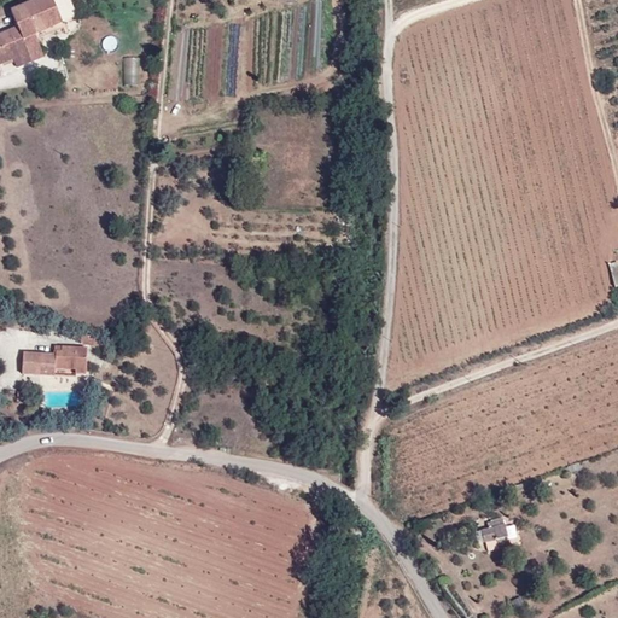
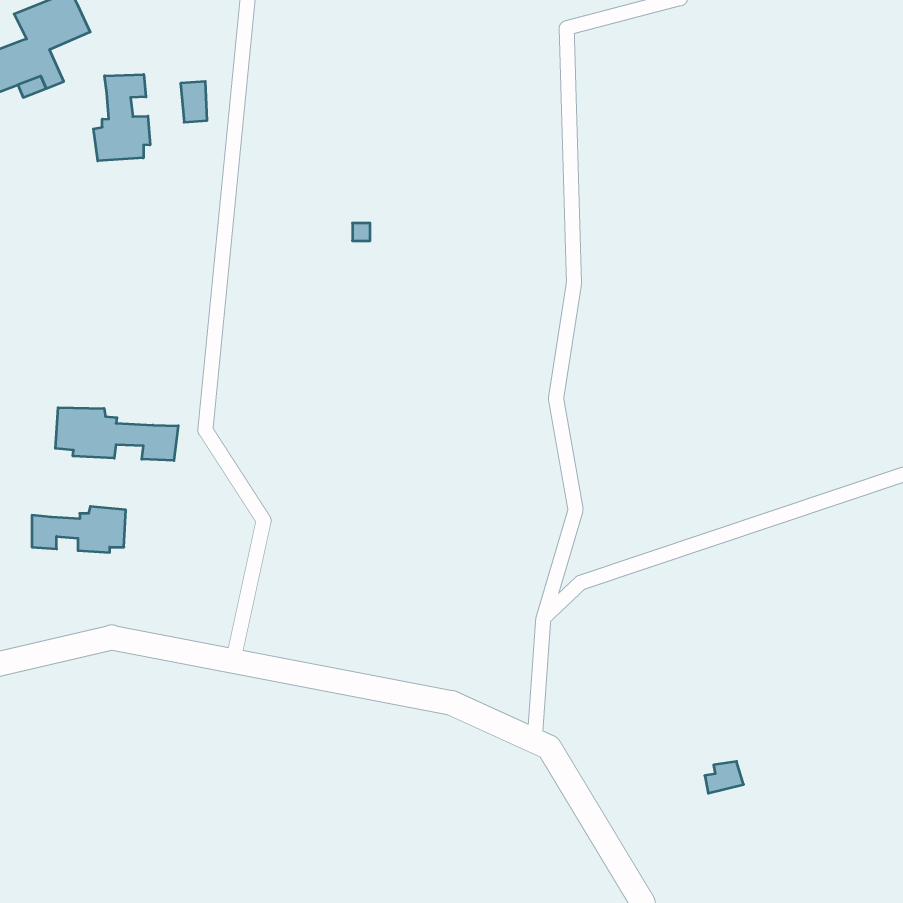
building: none -> [93,74,150,161]
building: none -> [55,408,178,461]

